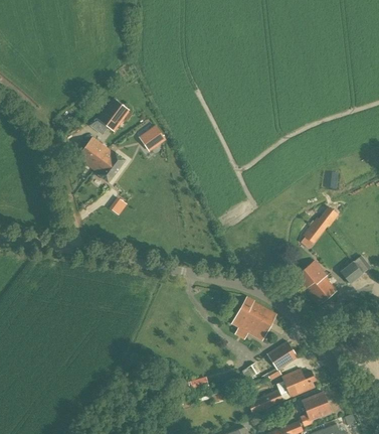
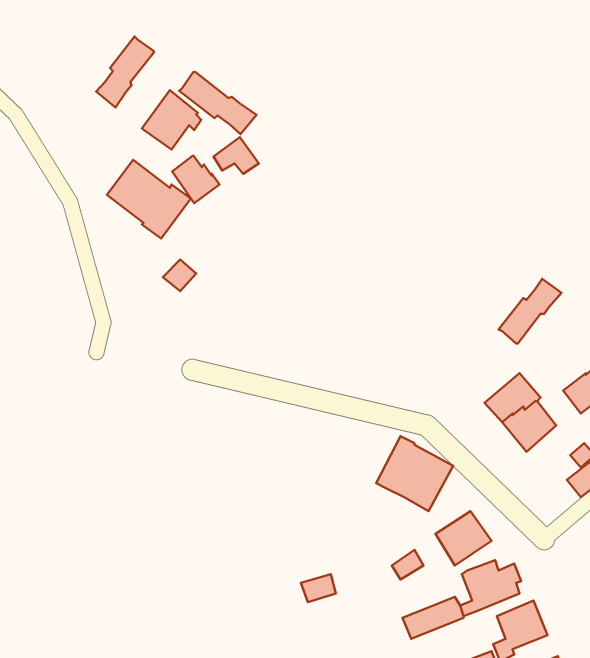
building: none -> [96,37,154,107]
building: none -> [179,72,257,134]
building: none -> [172,156,220,203]

